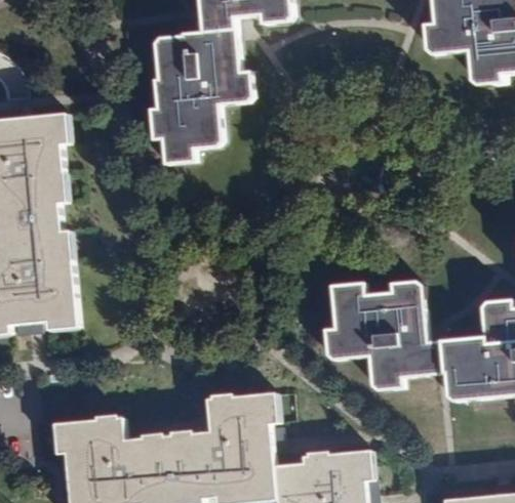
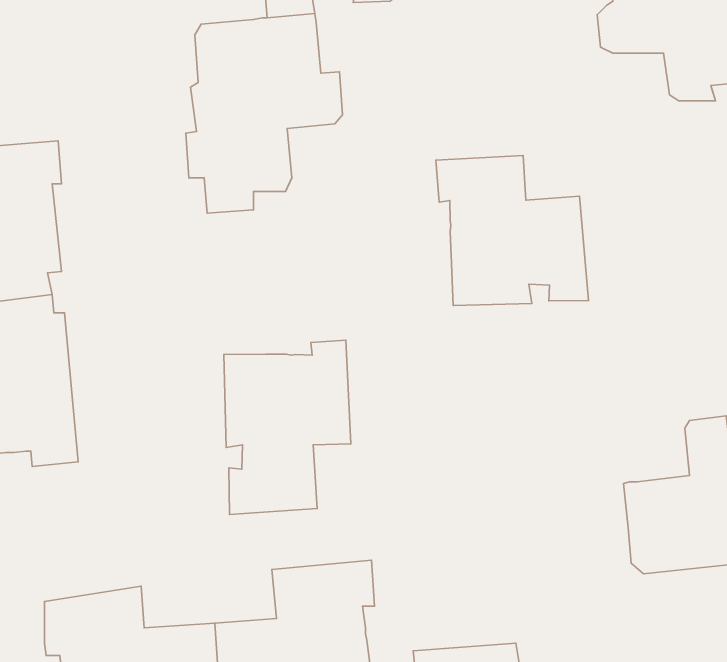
building: none -> [436,155,588,306]
building: none -> [224,340,351,514]
building: [325,282,445,387] -> none

